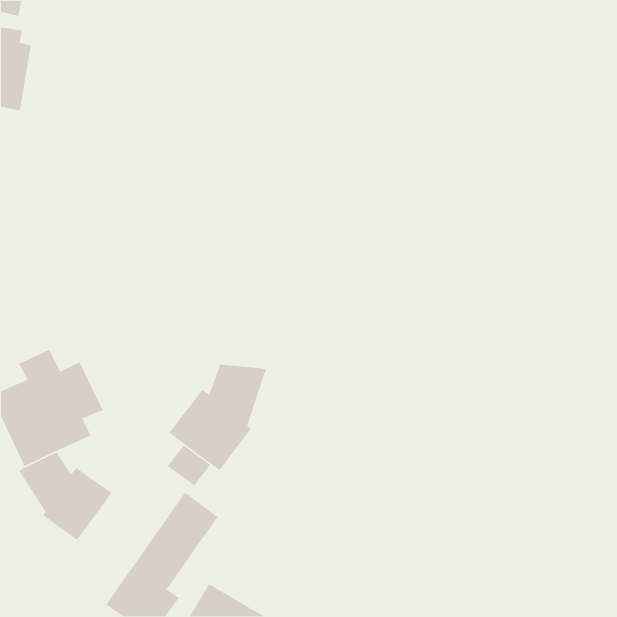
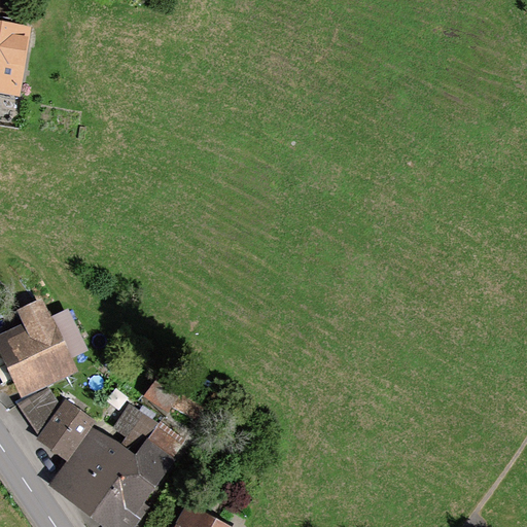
building: [169,364,267,471] -> none
building: none -> [48,400,157,516]

